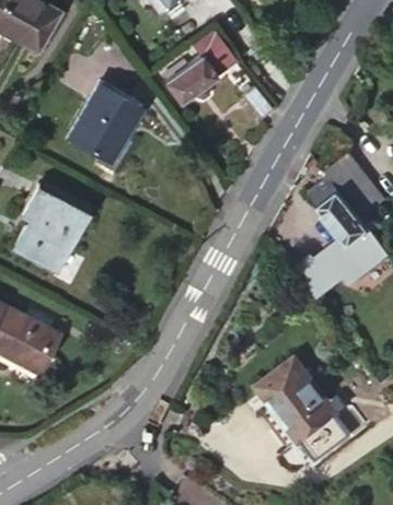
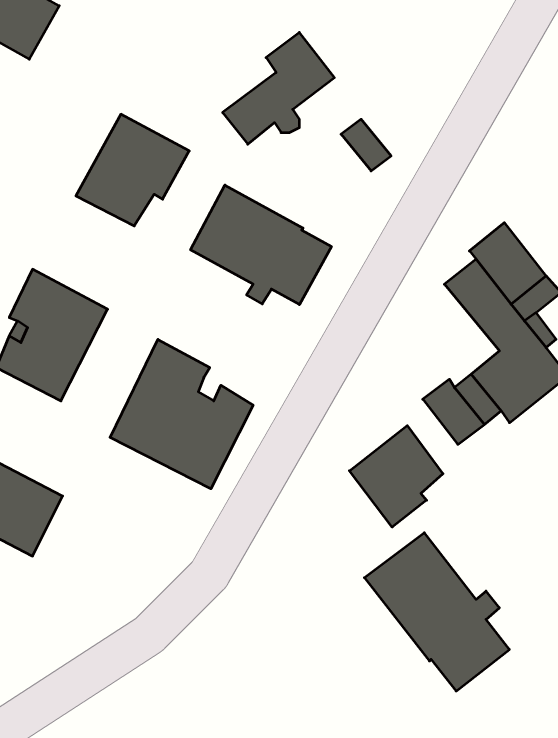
building: none -> [191,185,331,305]
building: none -> [110,339,253,489]
building: none -> [349,426,443,527]

